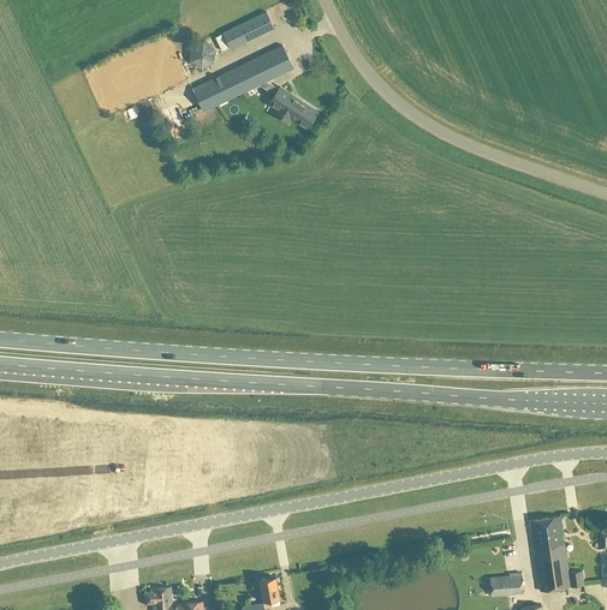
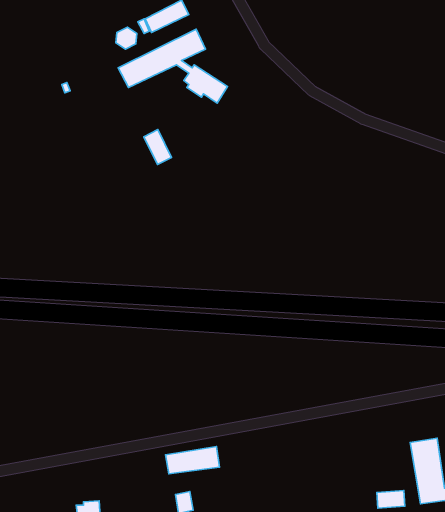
building: none -> [144,130,172,165]
building: none -> [166,446,220,474]

